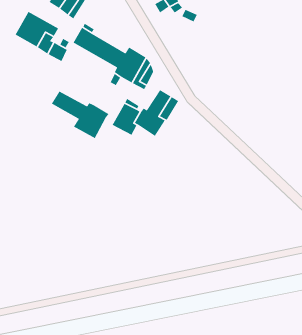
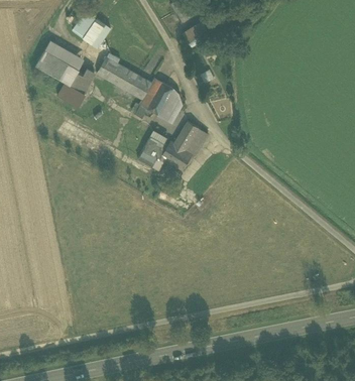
building: none -> [56,82,86,108]
building: [51,91,109,139] -> none

